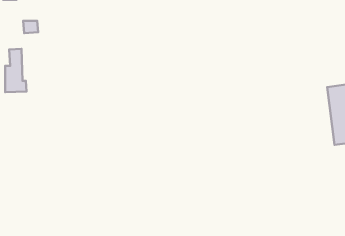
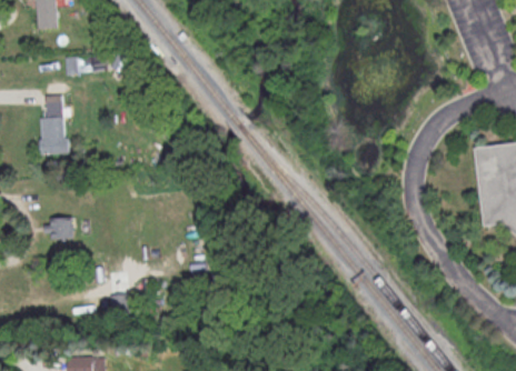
building: none -> [44,219,72,238]

